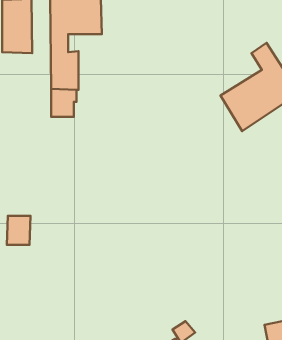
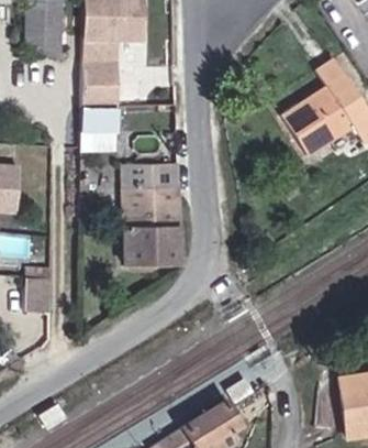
building: none -> [122,164,172,267]

